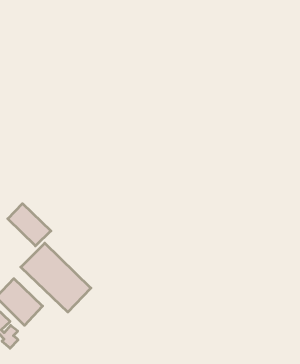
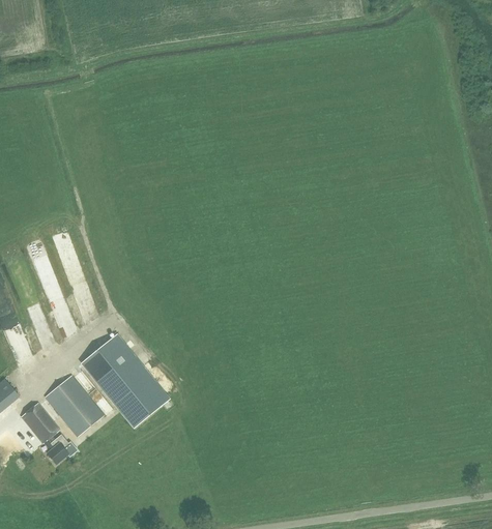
building: [8,204,51,246] -> none

